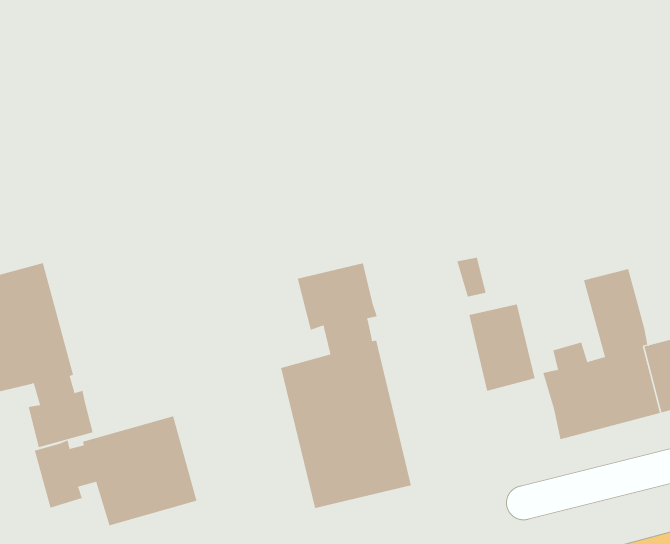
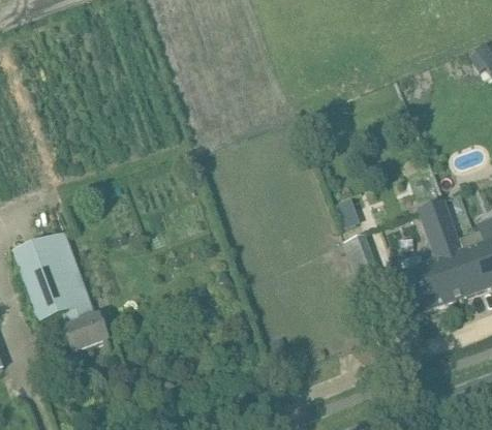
building: [280,263,412,509] -> none
building: [34,416,197,526] -> none

